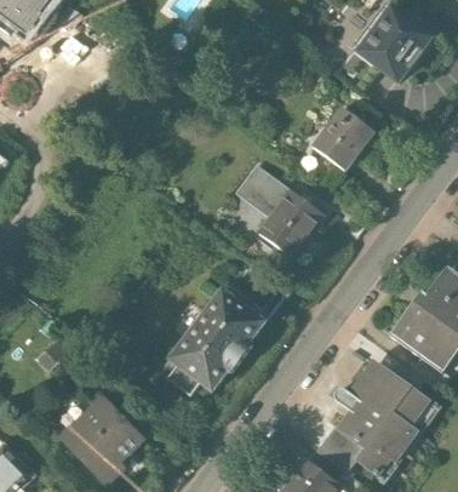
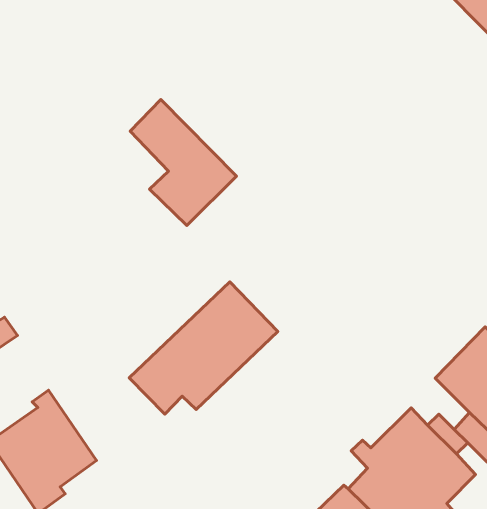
building: [313,108,372,170] -> none
building: [239,162,325,254] -> [130,99,237,226]

